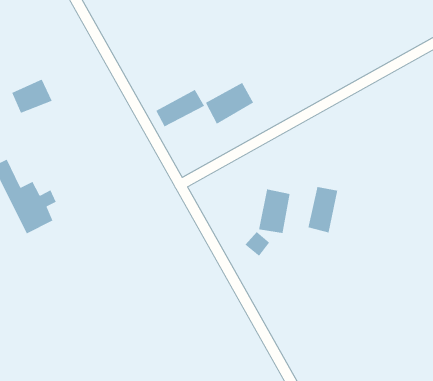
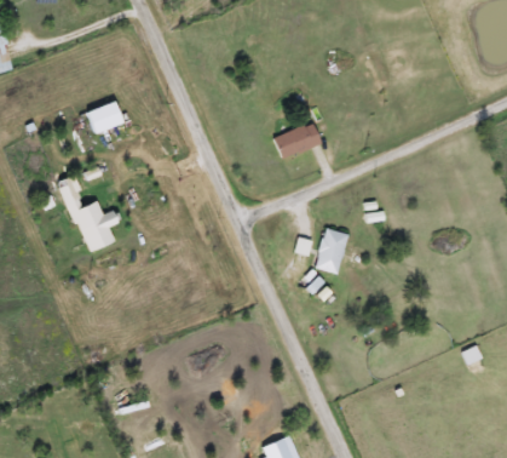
building: [155,89,205,127] -> none
building: [307,186,338,234] -> none

